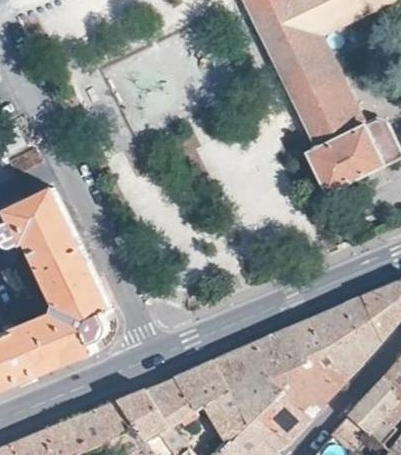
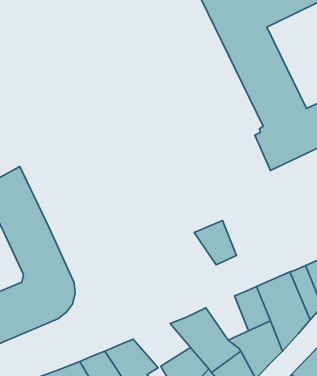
building: [253,329,299,377] -> [194,221,236,265]
building: [174,359,236,407] -> none

